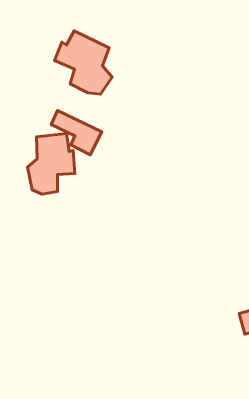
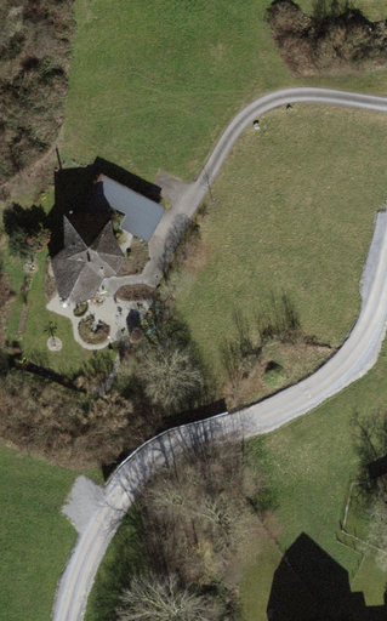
building: [54,31,112,94] -> none

